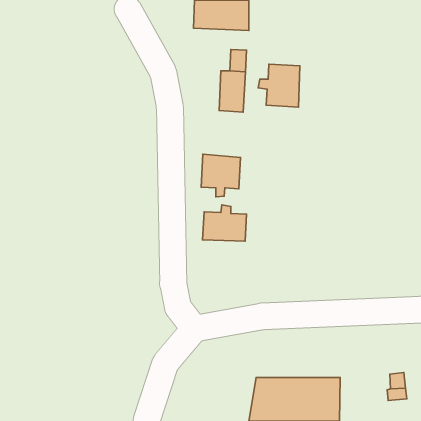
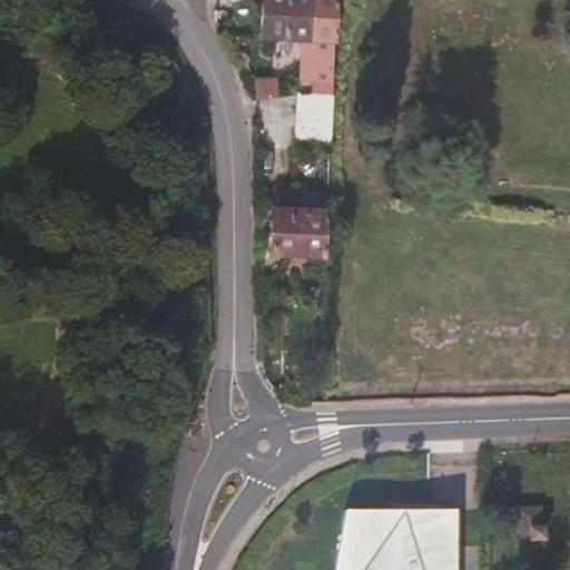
building: [258,64,300,107] -> none
building: [203,205,247,241] -> none

